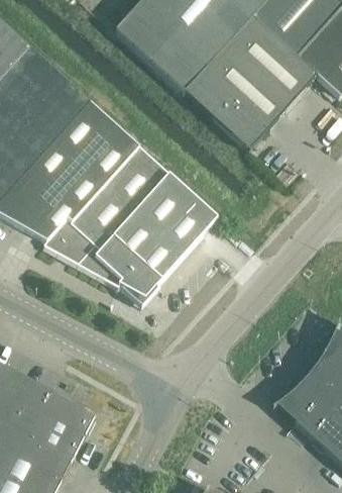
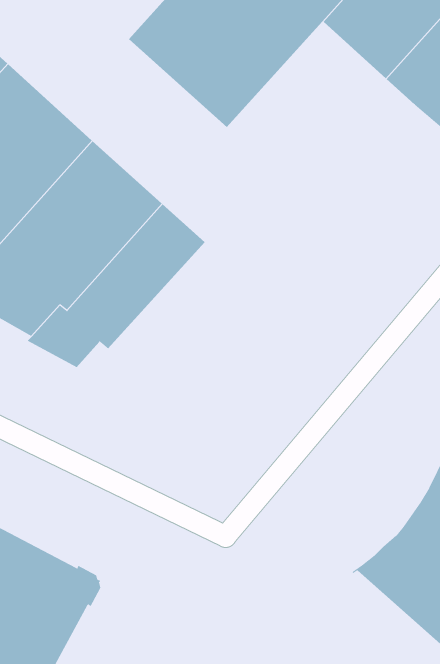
building: [185,17,317,150] -> none
building: [79,173,218,297] -> none

